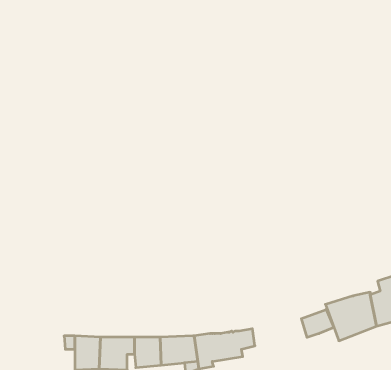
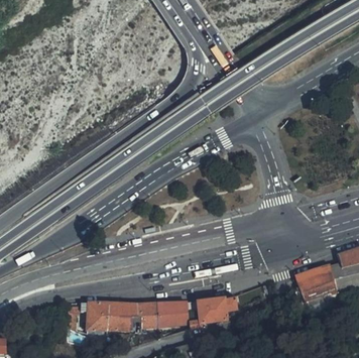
building: [301,309,334,337] -> none

